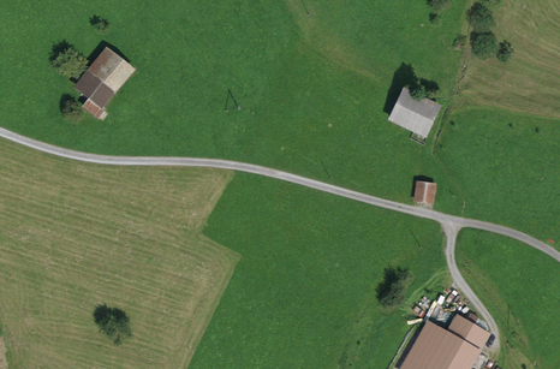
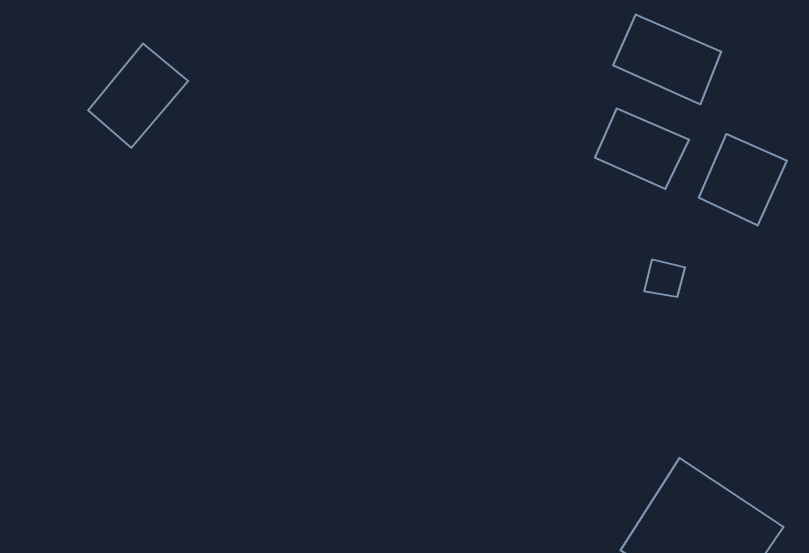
building: none -> [613,14,721,104]
building: none -> [699,134,787,226]

